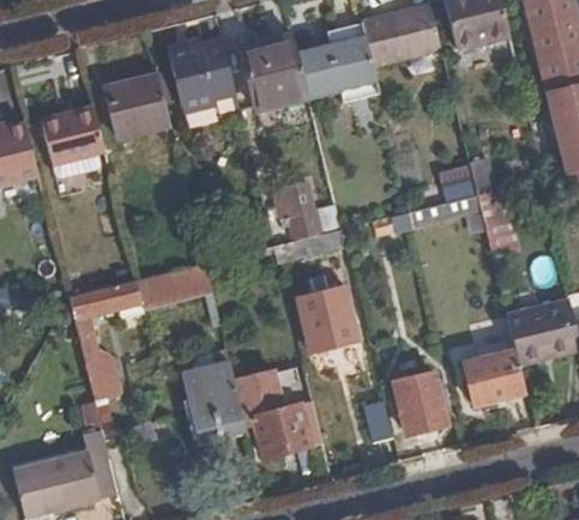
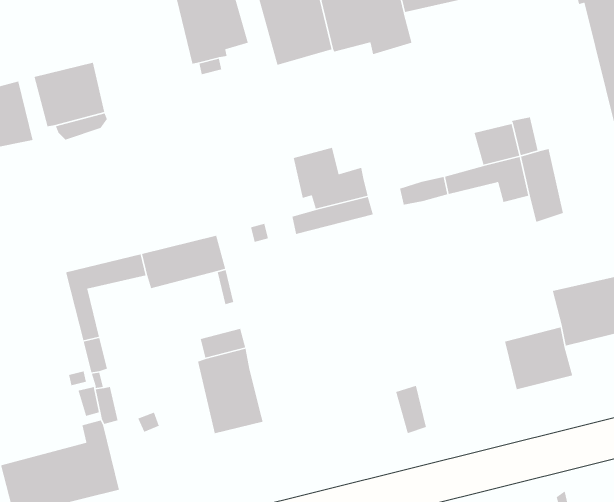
building: [103,77,171,140] -> none
building: [297,285,358,349] -> none
building: [235,369,325,459] -> none
building: [397,370,447,433] -> none

